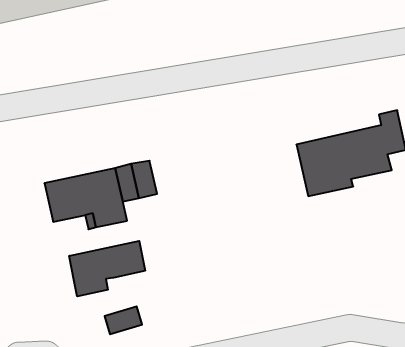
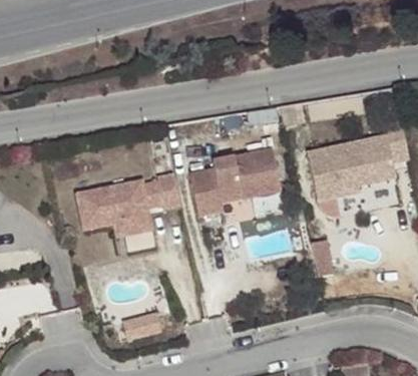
building: none -> [186,146,278,215]
building: [69,241,145,296] -> none

